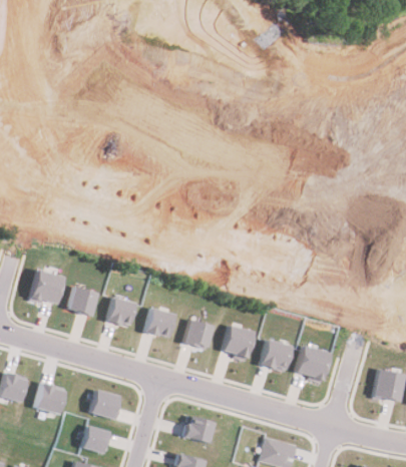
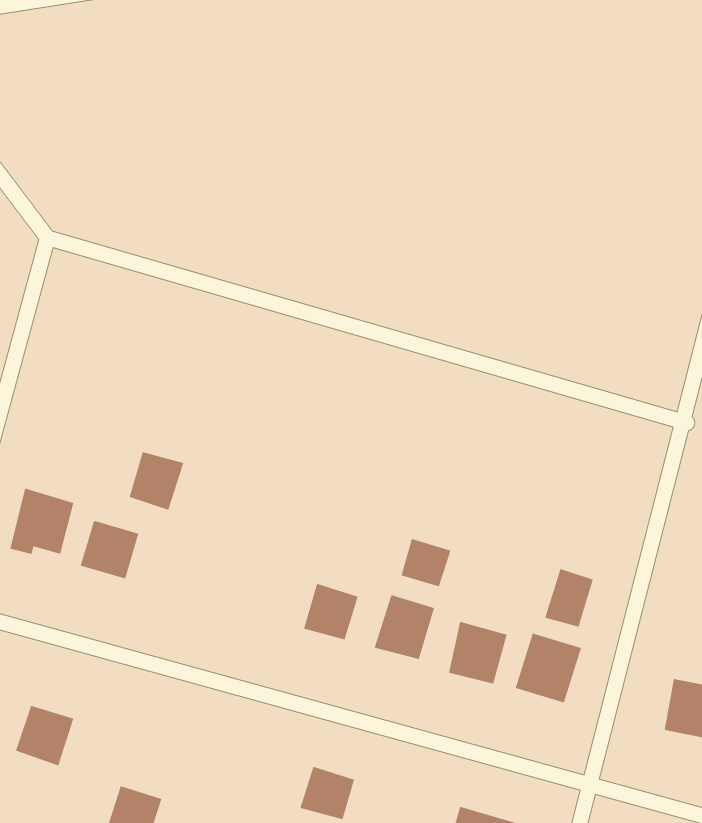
building: none -> [401,538,451,587]
building: [107,297,136,328] -> [129,451,184,510]
building: [145,308,175,339] -> none
building: none -> [545,568,594,628]
building: [90,390,120,419] -> none

